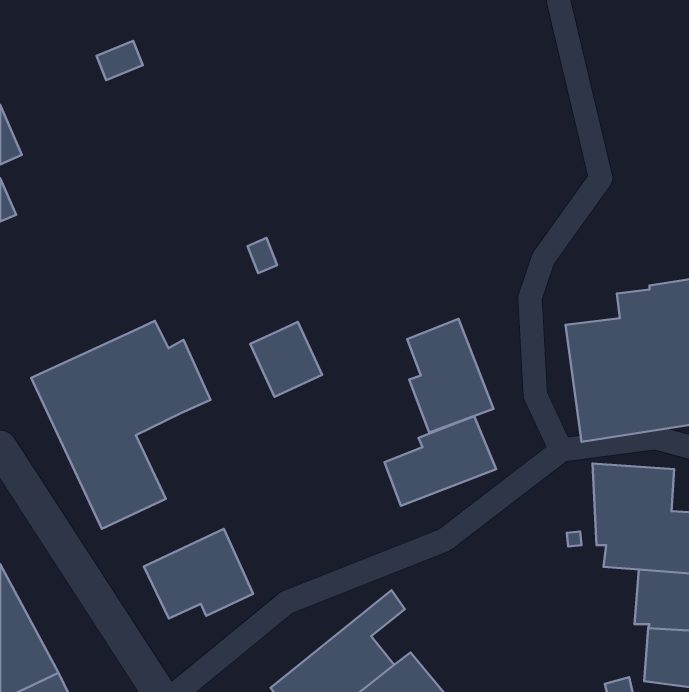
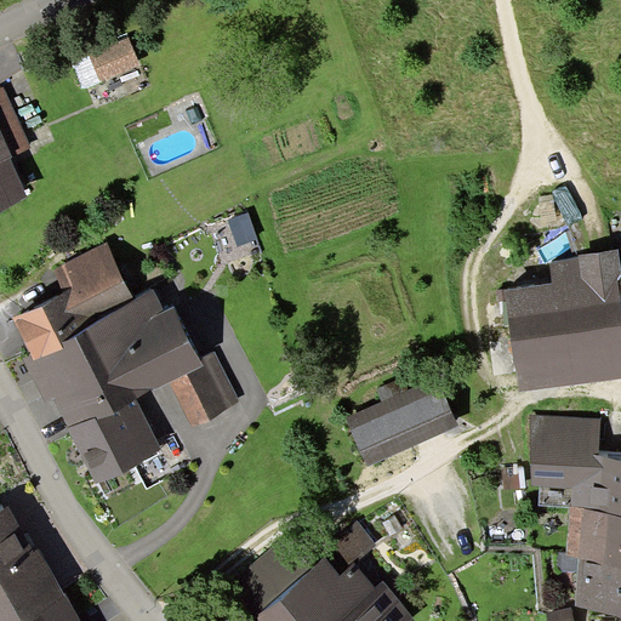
building: none -> [16,247,127,340]
building: [407,319,493,433] -> none
building: [250,322,322,397] -> [166,352,230,418]
building: [144,529,253,619] -> none

